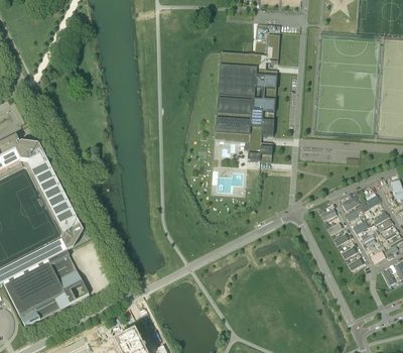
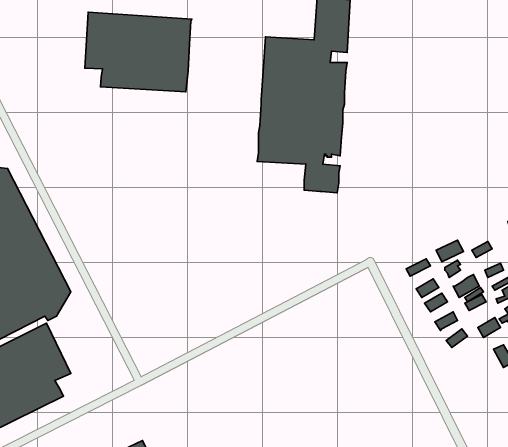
building: none -> [85,12,192,92]

